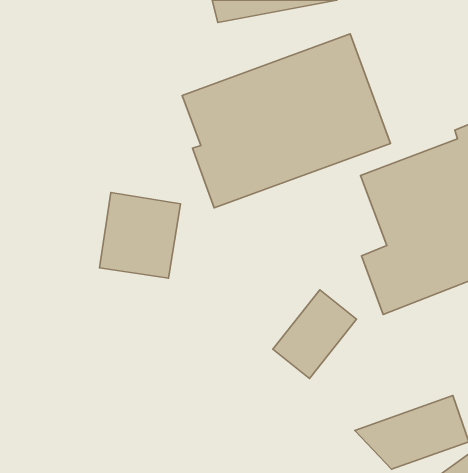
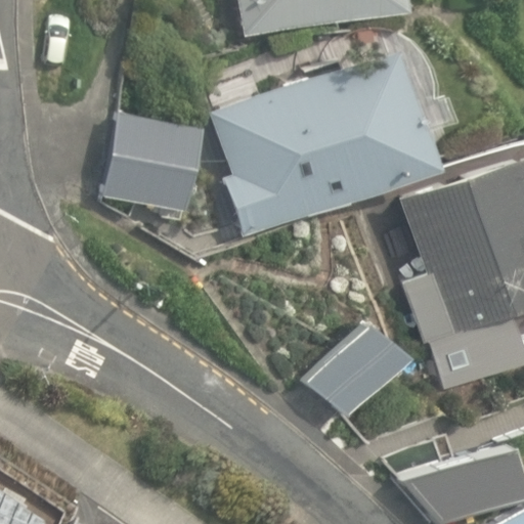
building: [99,192,181,278] -> [113,118,201,211]

